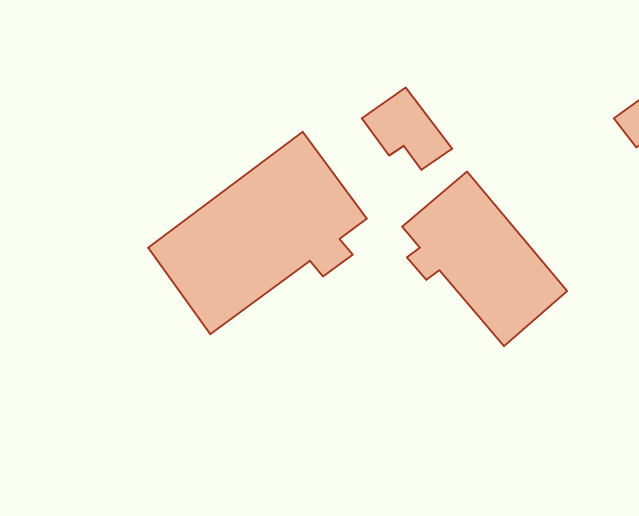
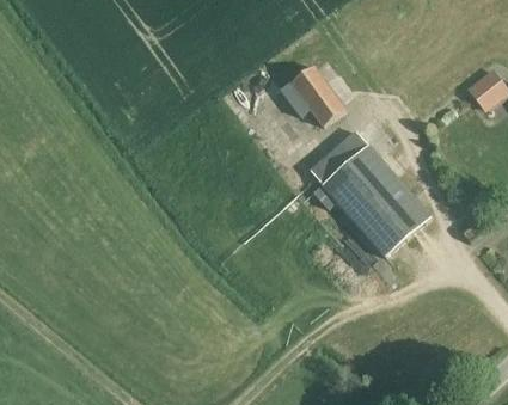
building: [148,132,367,334] -> none

